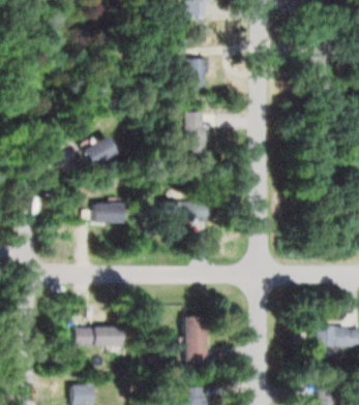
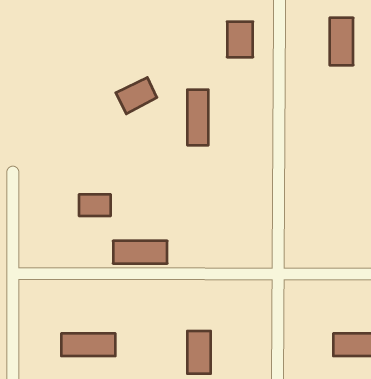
building: [183,59,206,90] -> [227,22,253,57]
building: [80,136,116,168] -> [116,77,157,114]
building: [161,202,209,222] -> [113,241,167,263]

